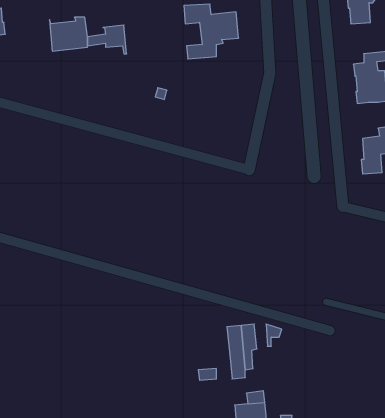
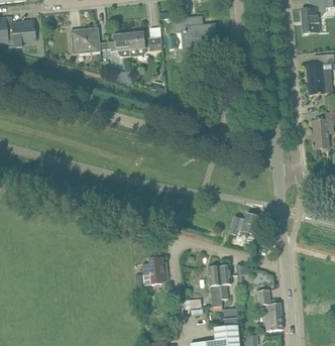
building: none -> [128,31,161,55]
building: none -> [229,214,261,234]
building: none -> [142,256,167,285]
building: none -> [256,289,283,330]

